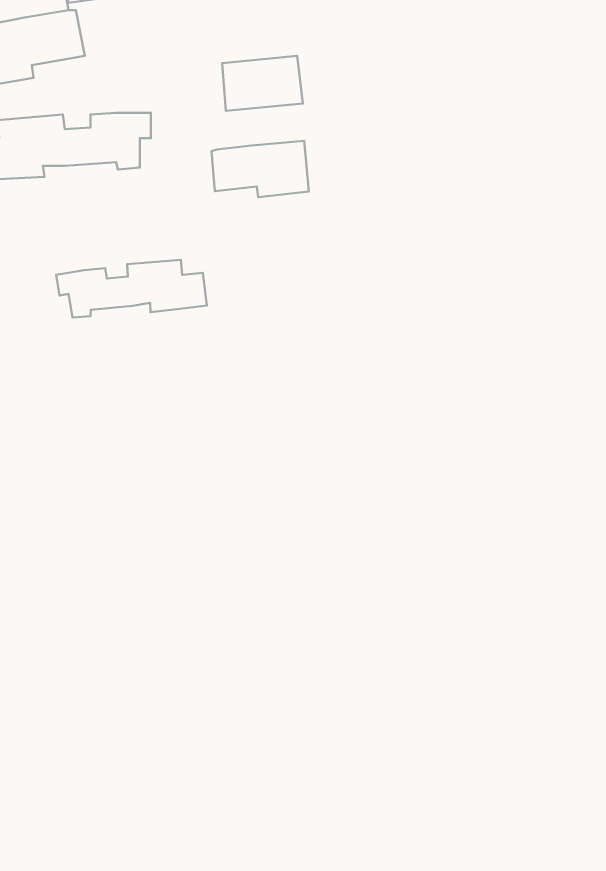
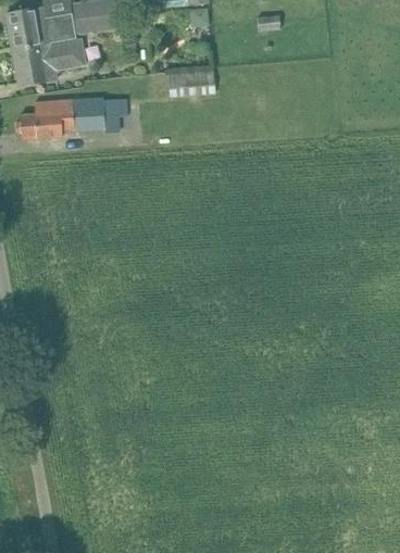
building: [211,141,309,197] -> none
building: [56,260,207,318] -> none

